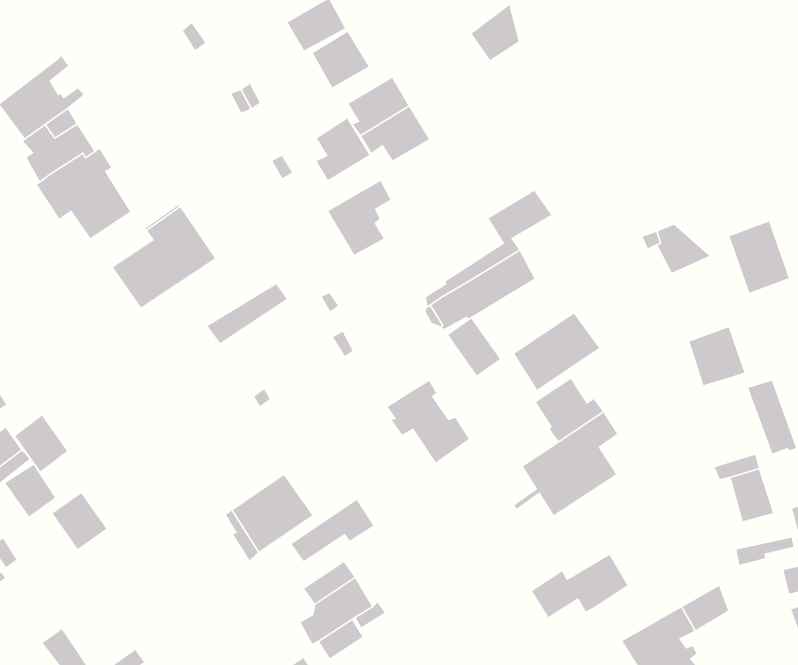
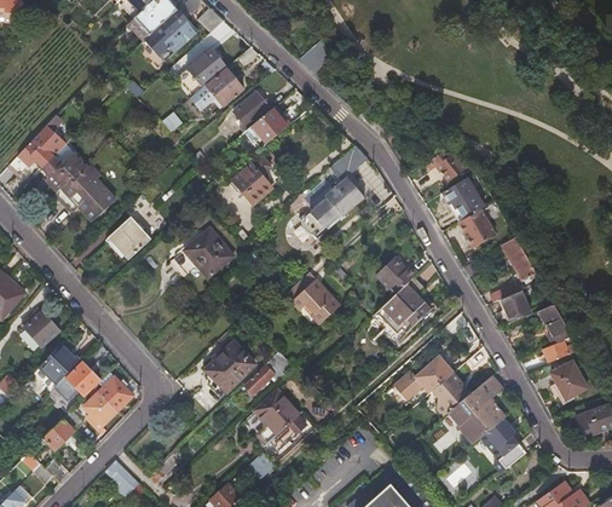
building: [315,117,370,181] -> none
building: [729,221,790,294] -> [443,175,484,221]
building: none -> [180,237,232,278]
building: [513,312,600,391] -> none
building: [447,318,501,376] -> none
building: [14,414,68,473] -> [82,390,116,425]
building: none -> [432,374,464,415]

